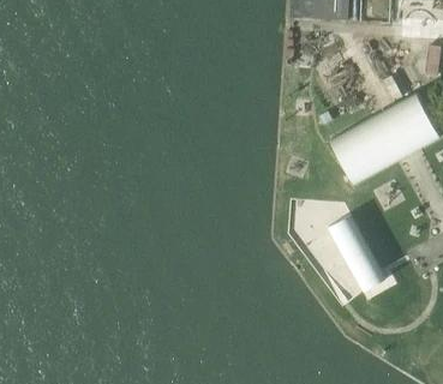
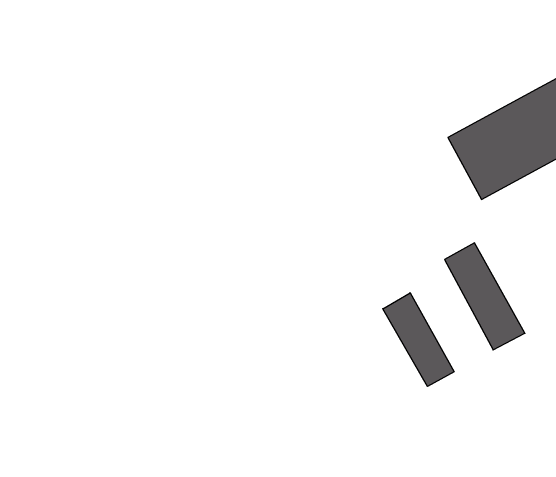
building: none -> [383,293,454,386]

